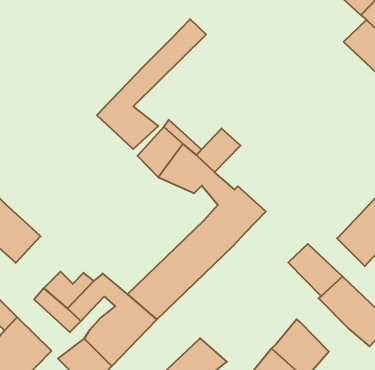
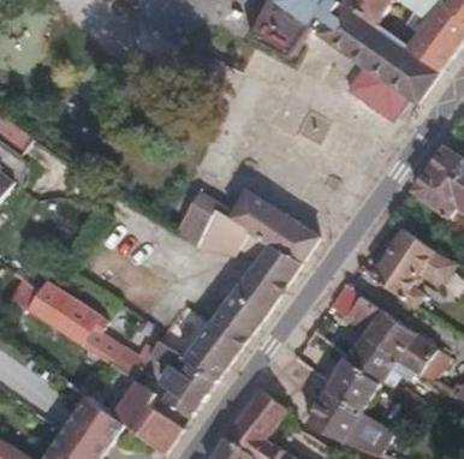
building: [97,19,206,149] -> none
building: none -> [248,202,319,260]
building: none -> [349,333,398,381]

